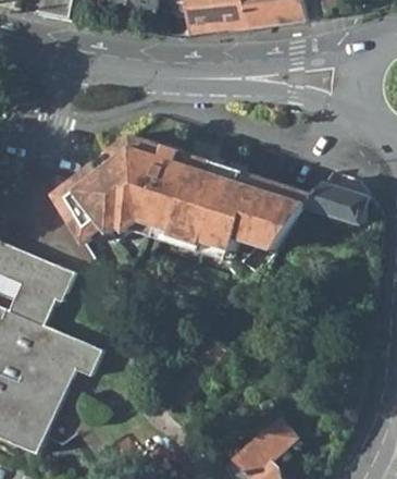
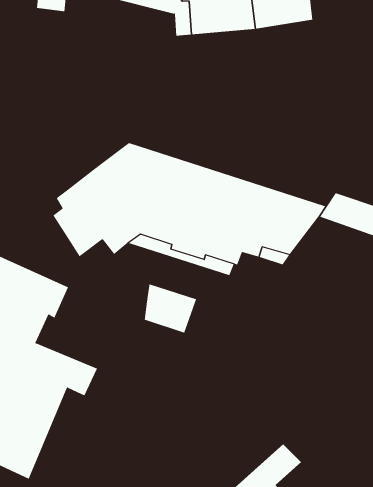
building: none -> [144,284,197,334]

